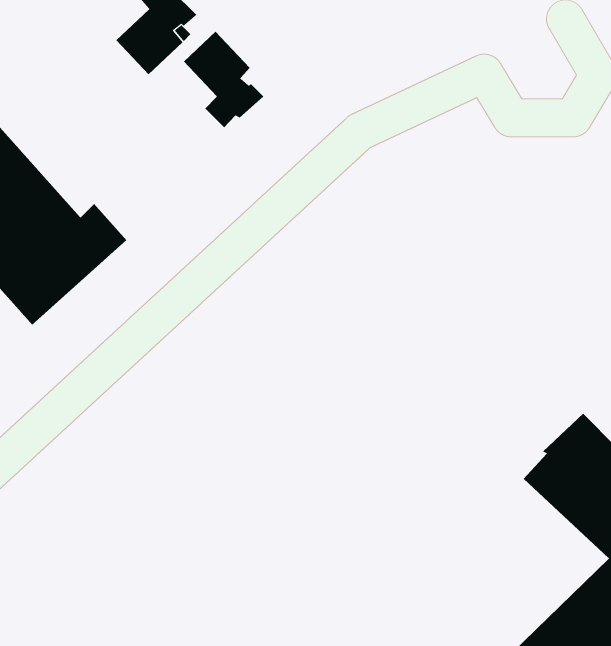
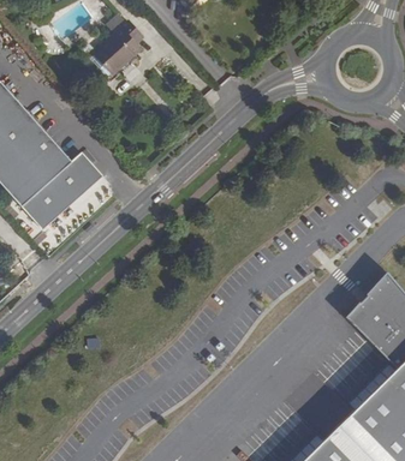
building: [183,31,264,128] -> none

